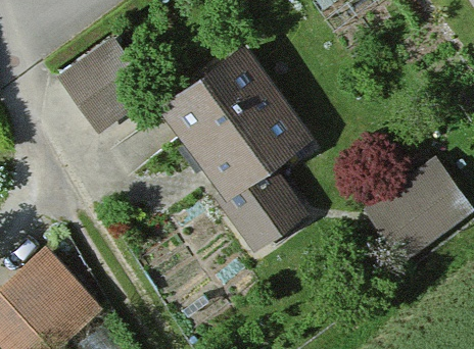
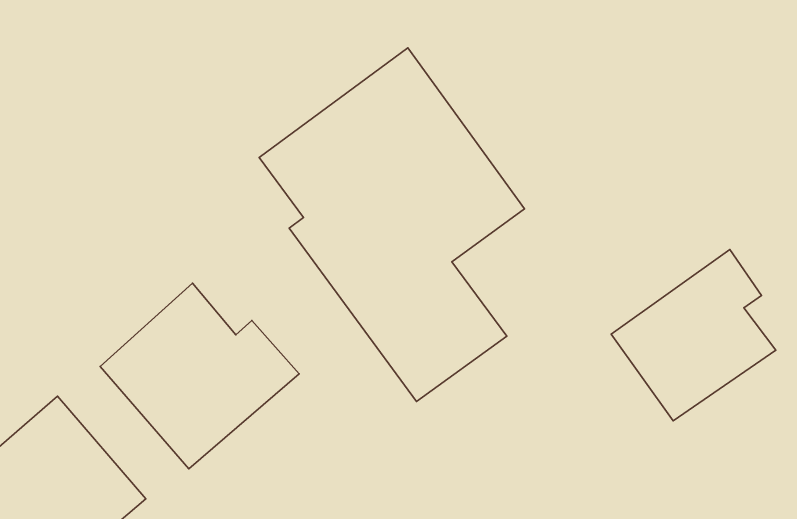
building: [60,38,157,133] -> none
building: none -> [100,283,299,469]

